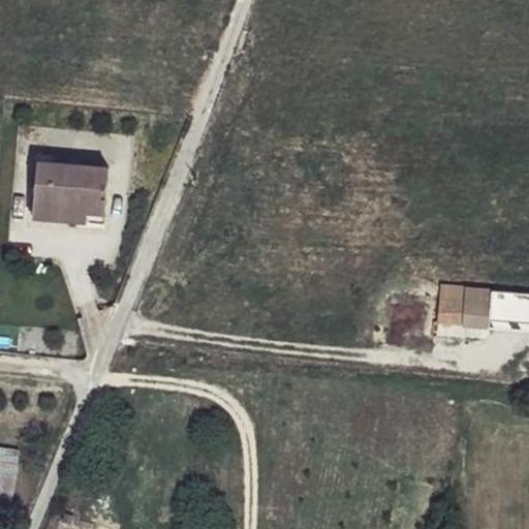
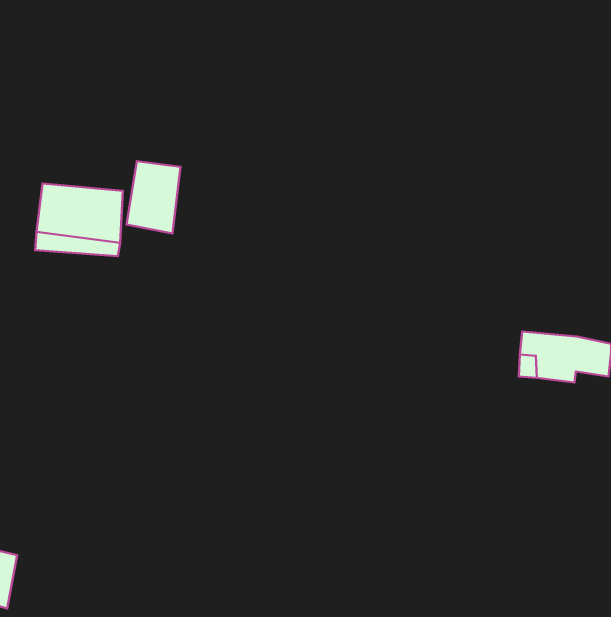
building: none -> [127,161,181,233]

